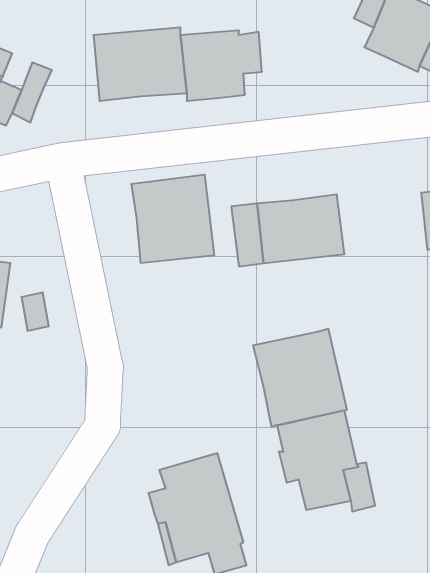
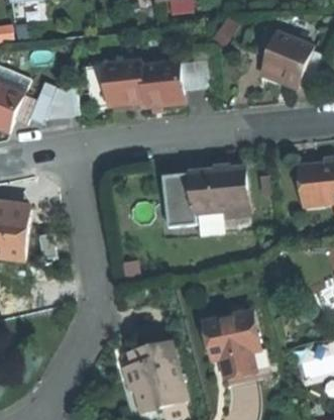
building: none -> [45,81,81,110]
building: [132,175,214,263] -> none
building: [253,329,347,427] -> none

